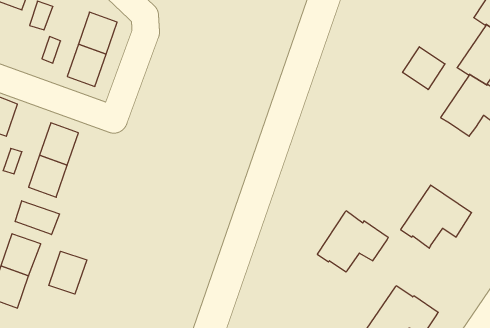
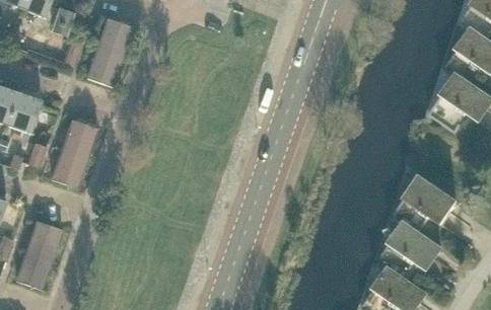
building: [403,47,445,90] -> none
building: [15,201,60,235] -> none
building: [317,211,388,272] -> [375,222,440,278]
building: [49,251,87,294] -> none

